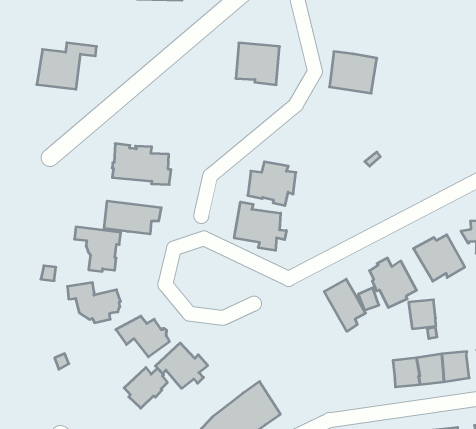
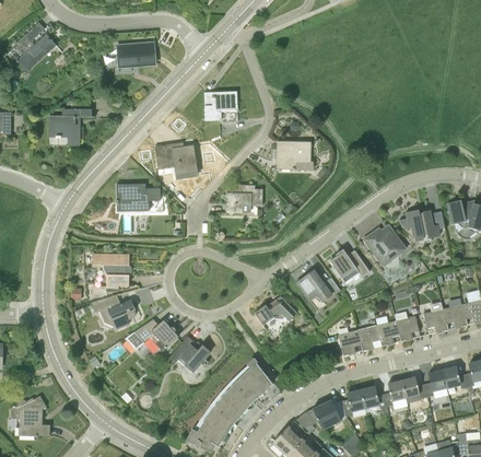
building: [329,52,377,93] -> [277,140,312,169]
building: none -> [154,143,198,176]
building: [104,201,161,234] -> none
building: [234,202,286,250] -> none
building: [409,300,436,329] -> [338,329,362,354]
building: none -> [254,298,297,329]
building: [124,367,167,408] -> none

